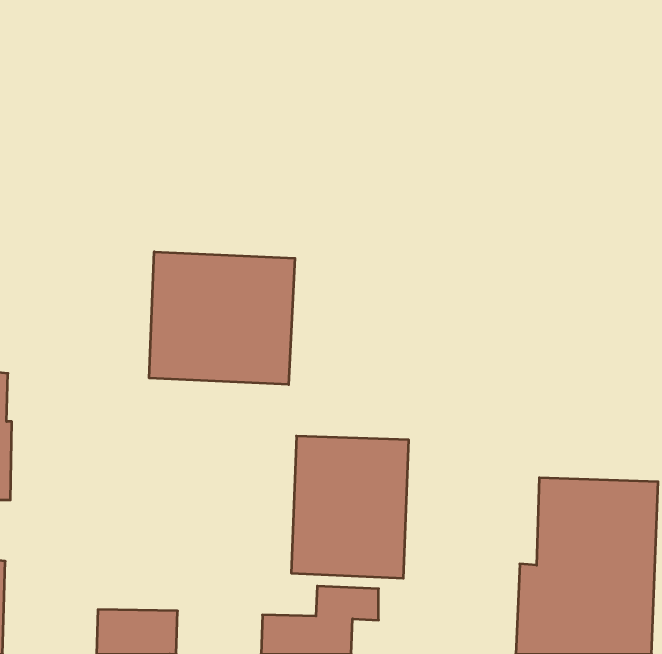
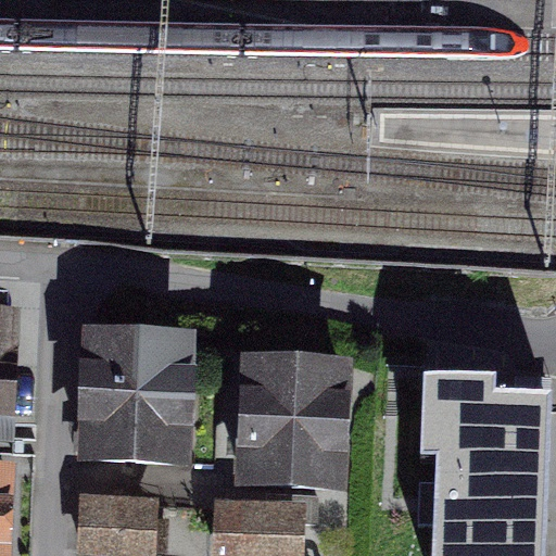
building: [149,252,295,385] -> none
building: none -> [85,337,182,456]

